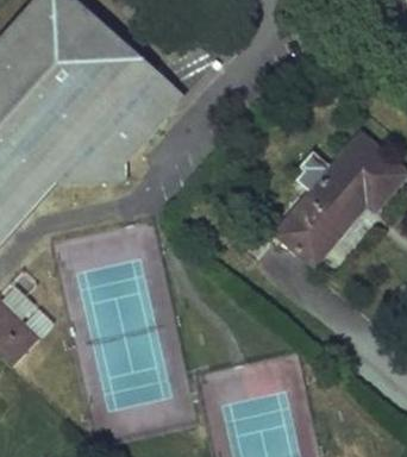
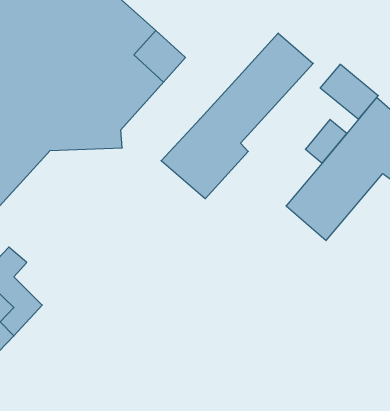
building: none -> [161,33,313,199]
building: none -> [320,64,378,119]

